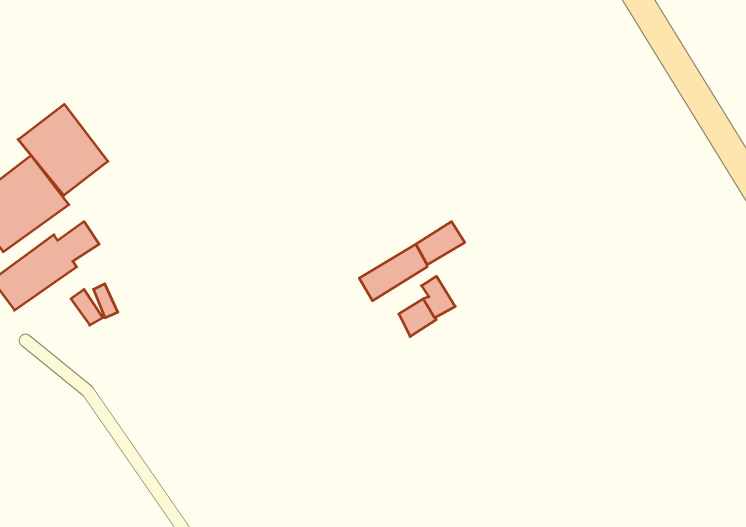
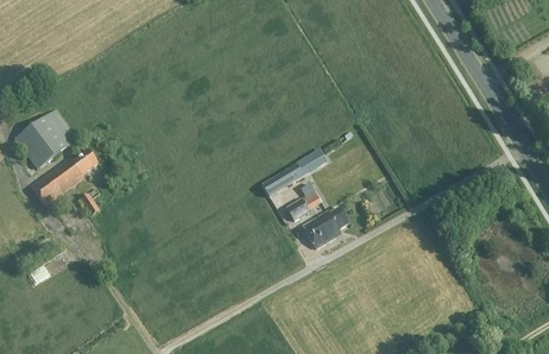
building: [18,104,108,195] -> none
building: none -> [302,207,348,247]

